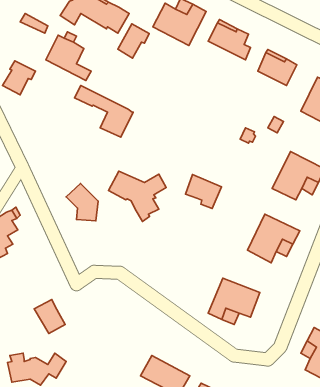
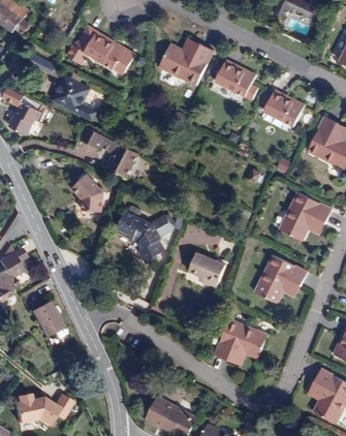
building: [118,24,149,58] -> none
building: [185,174,221,208] -> [189,251,225,285]
building: [66,184,98,221] -> [71,174,103,211]
building: [34,300,65,334] -> [31,301,62,335]

